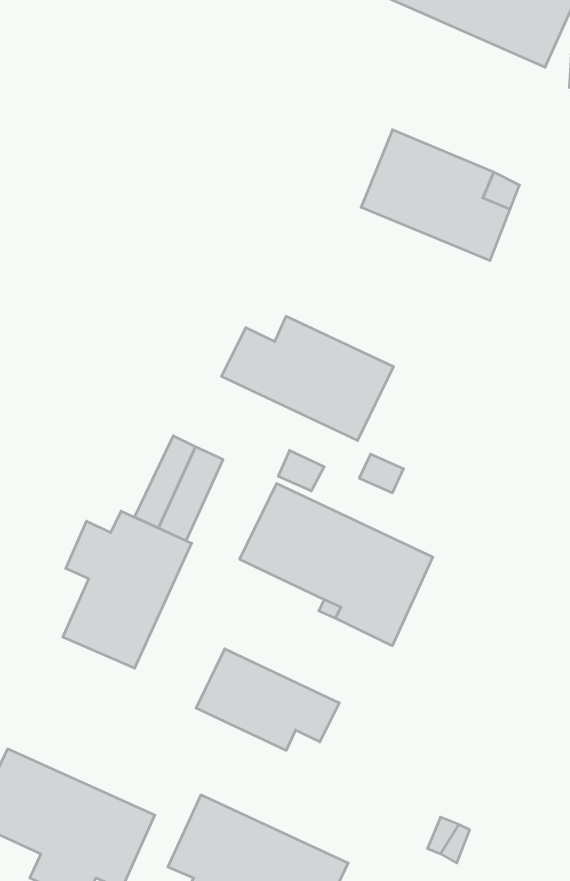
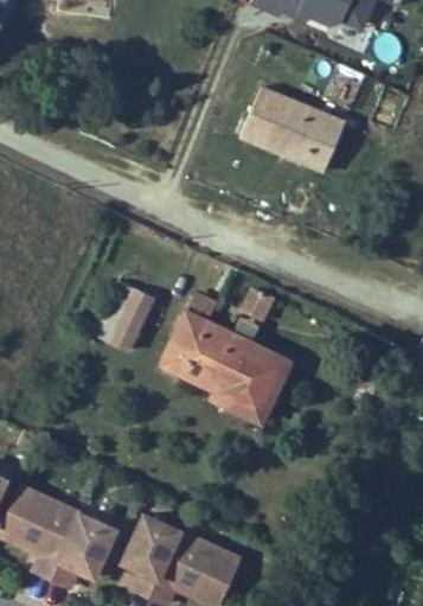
building: [222,316,393,441] -> none
building: [63,511,192,668] -> none
building: [196,649,339,750] -> none

